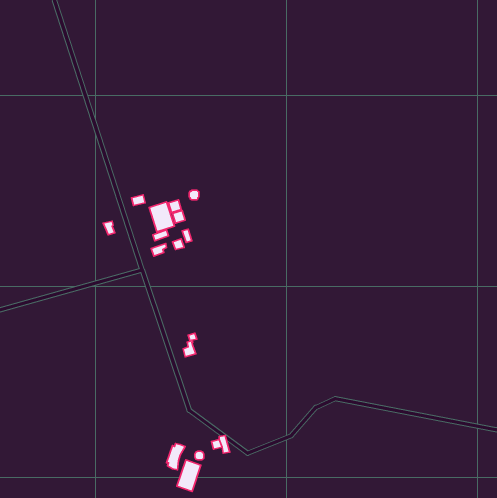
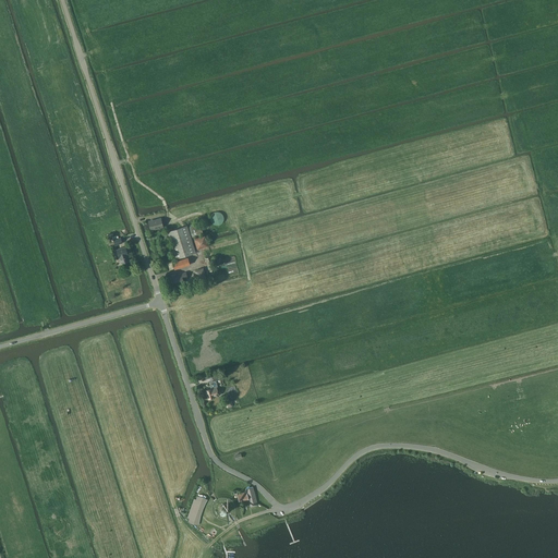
building: [177,460,201,492] -> none

